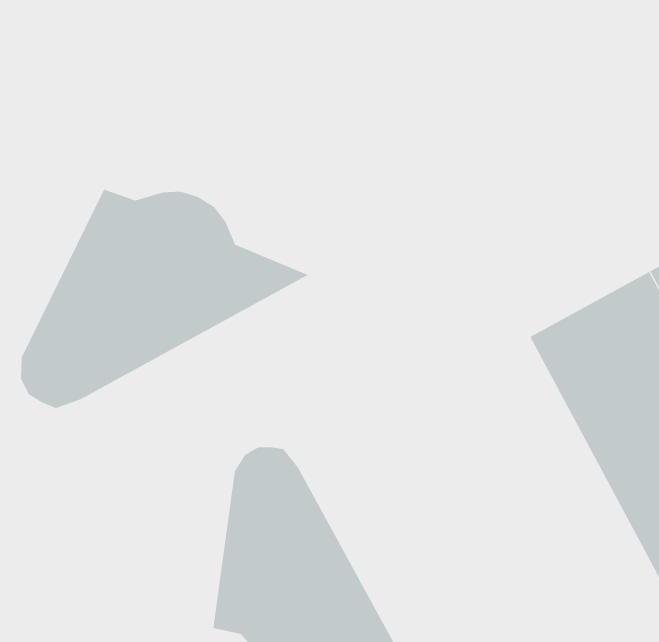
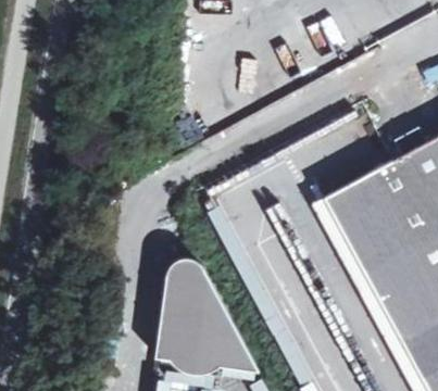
building: [20,189,309,409] -> none

